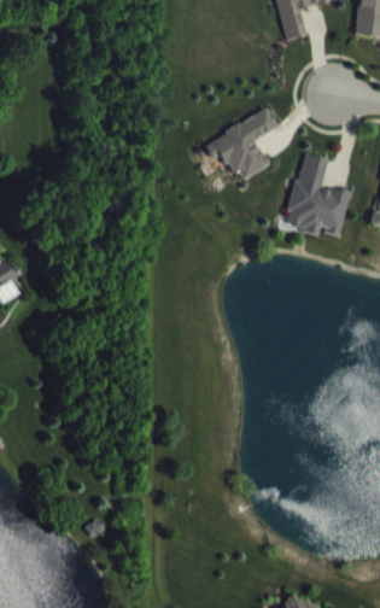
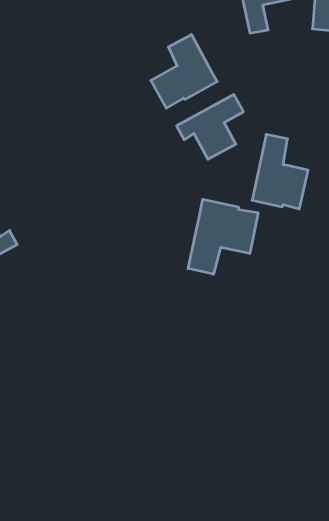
building: none -> [151,34,217,108]
building: none -> [188,199,258,274]

